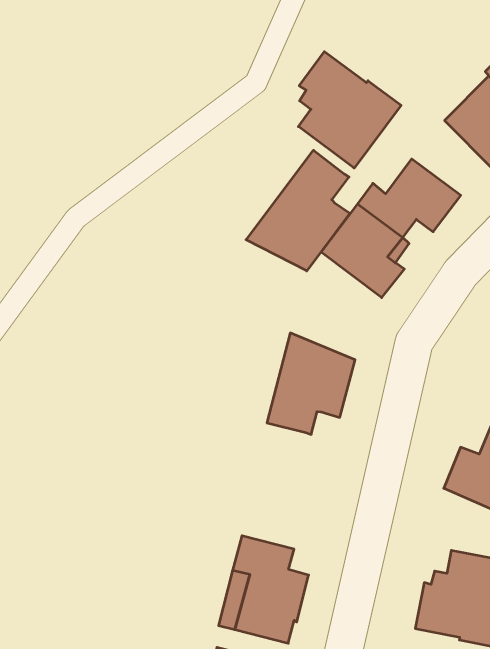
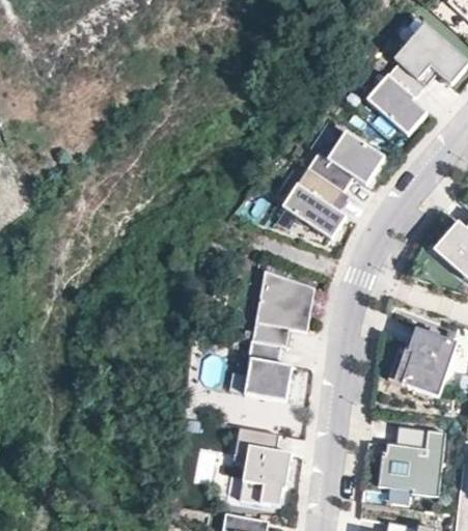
building: [298,52,401,168] -> none
building: [246,150,350,271] -> none
building: none -> [243,339,291,400]

